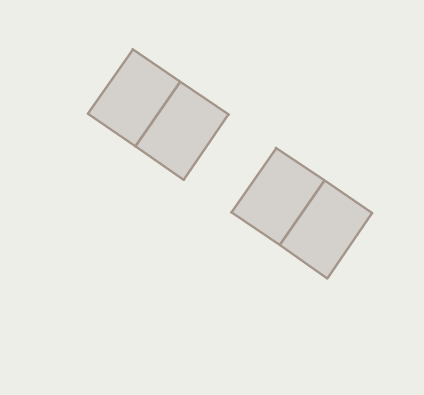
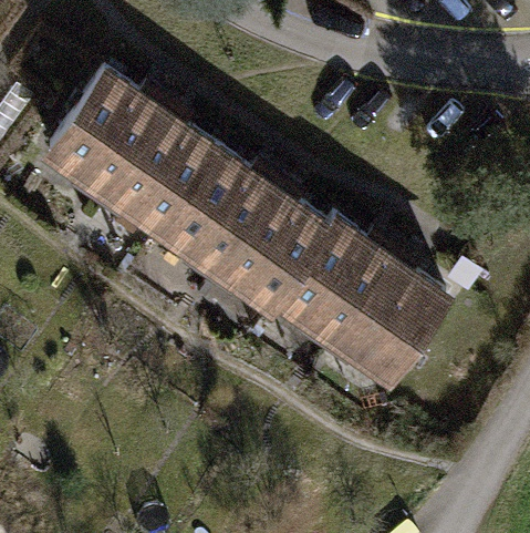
building: none -> [50,74,160,191]
building: none -> [221,192,331,308]

